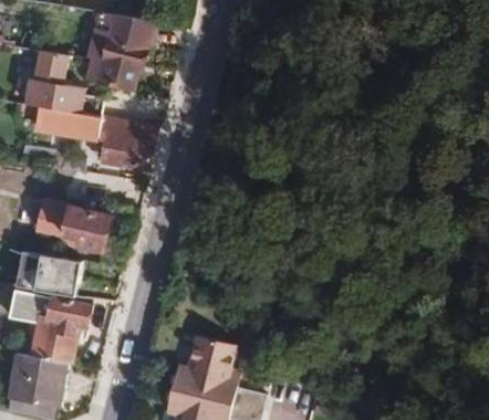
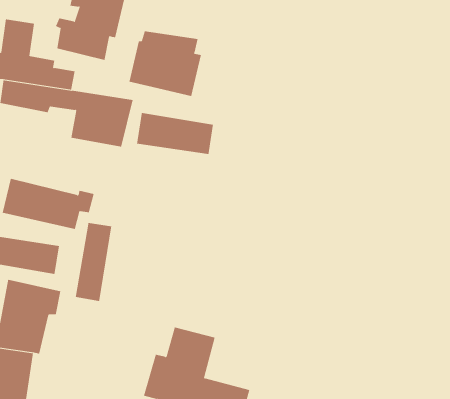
building: none -> [129,31,202,97]
building: none -> [137,112,213,155]
building: none -> [75,222,112,302]

